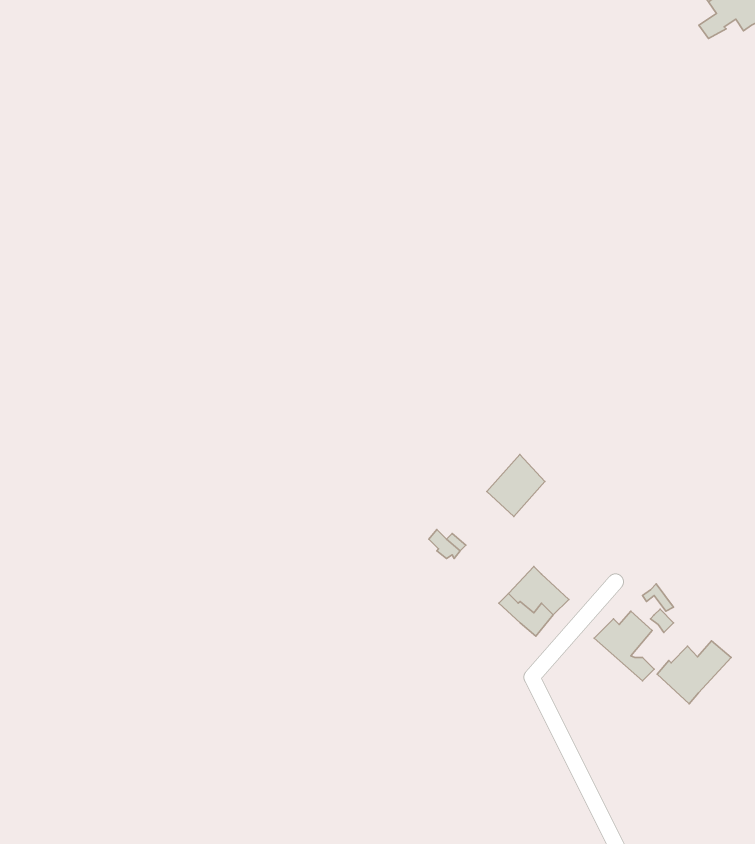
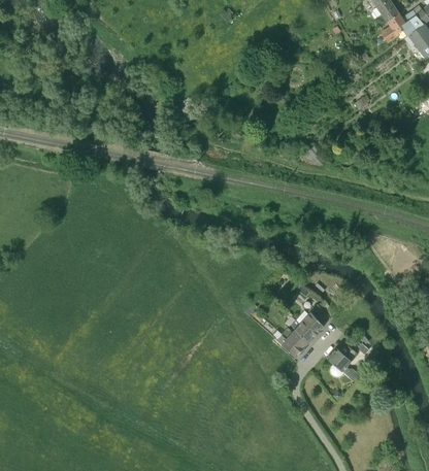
building: [487,454,545,517] -> [300,306,331,339]
building: [657,641,731,704] -> none

